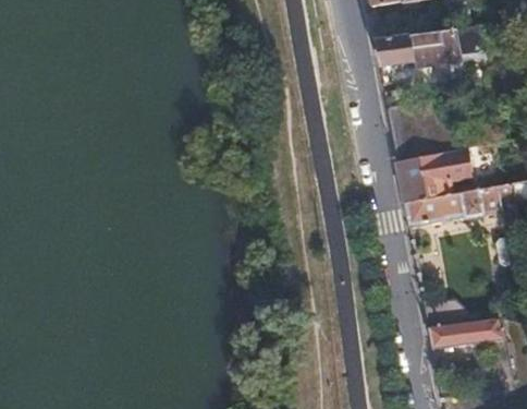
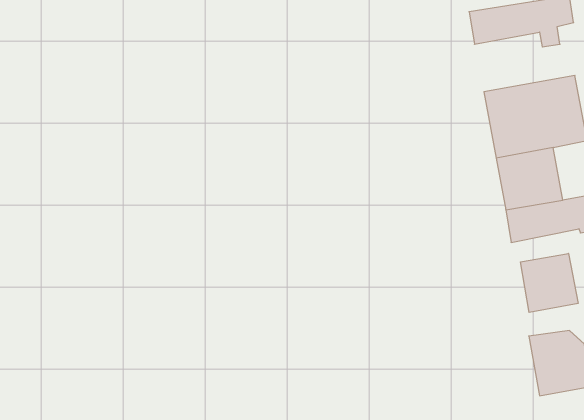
building: none -> [521,253,578,312]

